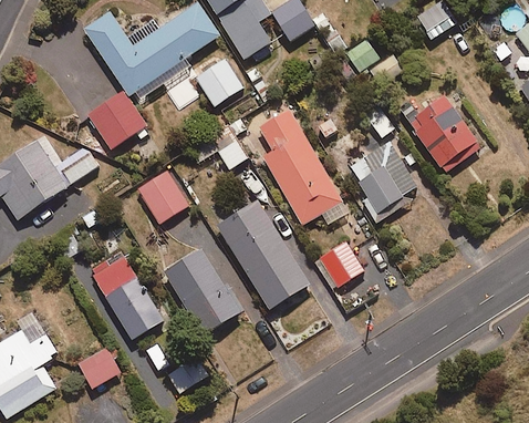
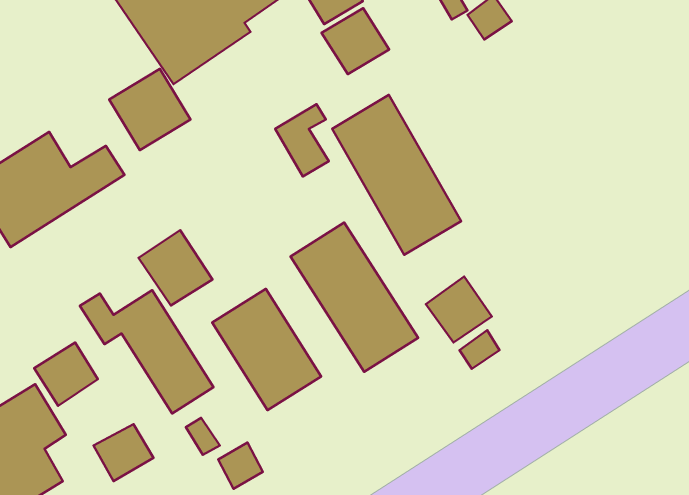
building: [195,58,243,105] -> [322,8,389,74]
building: [409,96,478,168] -> none
building: [344,145,416,221] -> none
building: [137,168,190,223] -> [139,230,212,306]
building: none -> [34,343,98,406]

